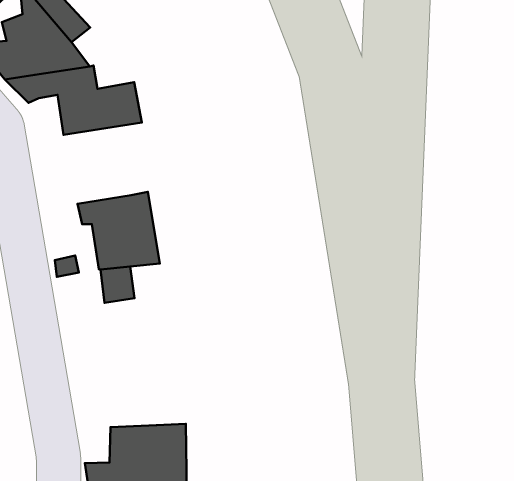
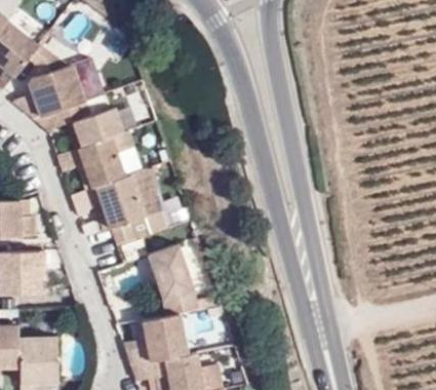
building: none -> [58,127,131,188]
building: none -> [149,248,199,318]

